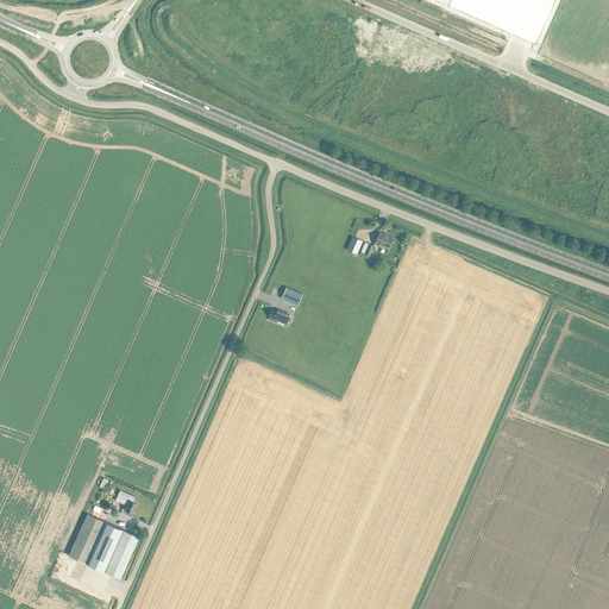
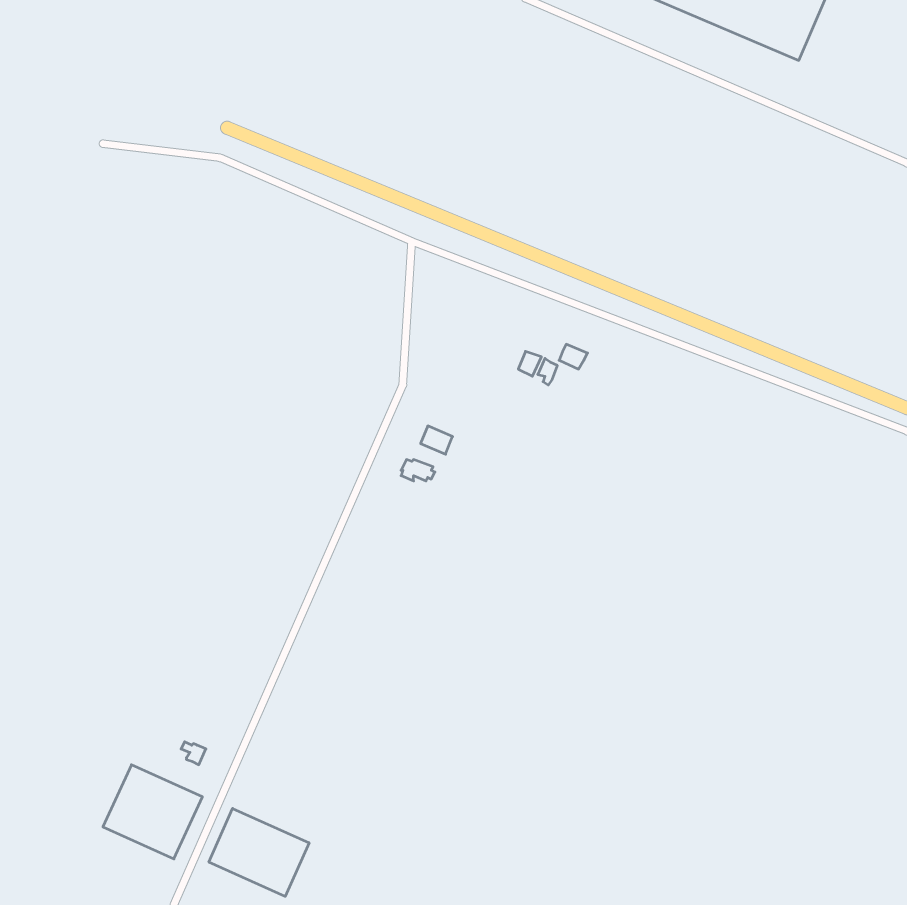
building: none -> [209,808,309,896]

